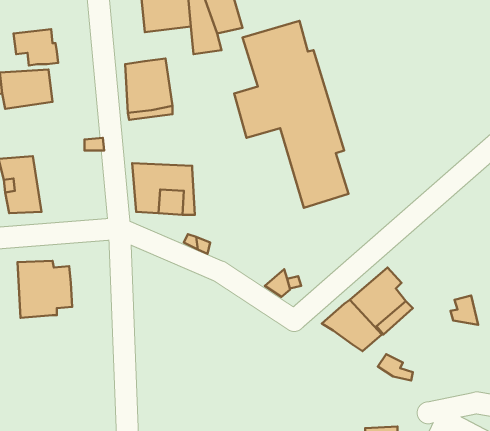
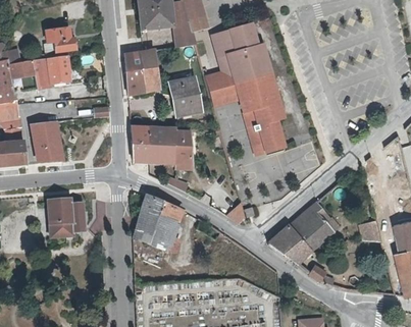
building: none -> [167,76,203,116]
building: none -> [173,129,191,164]
building: none -> [132,193,185,251]

